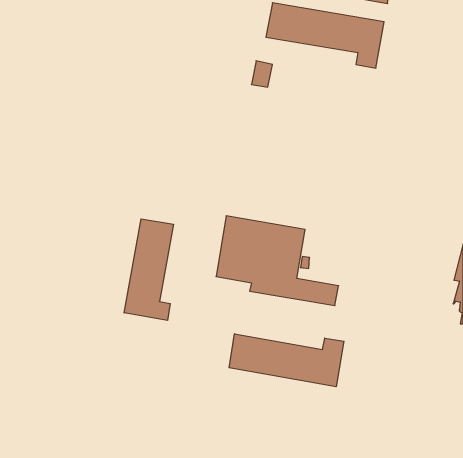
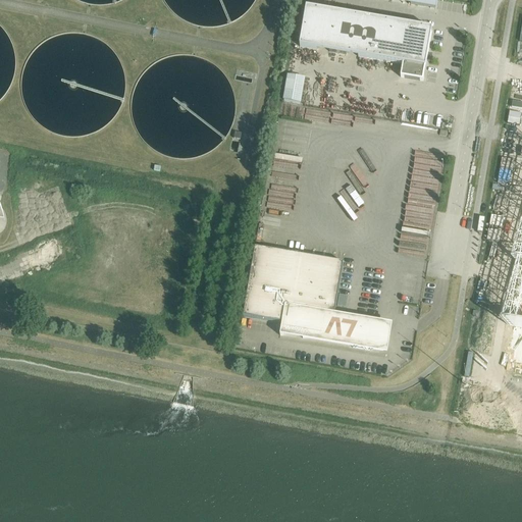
building: [124,219,173,320] -> none
building: [229,334,344,387] -> none

